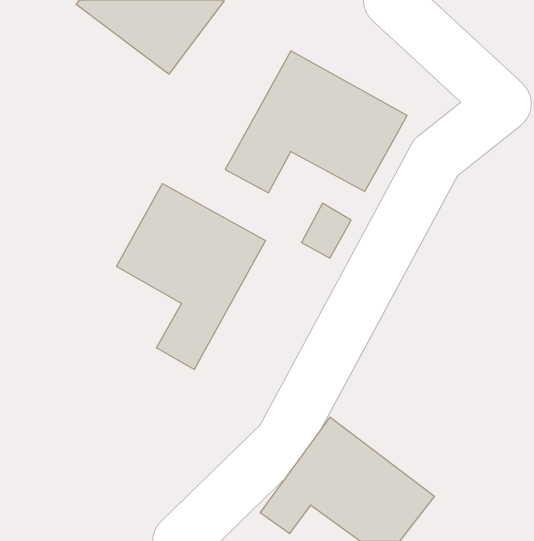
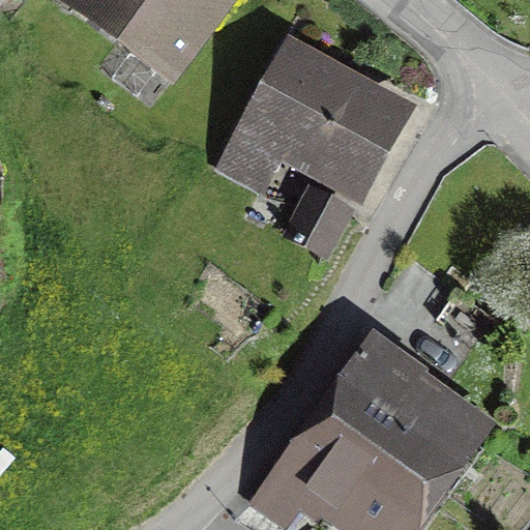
building: [117,184,266,370] -> none
building: none -> [329,341,469,485]

